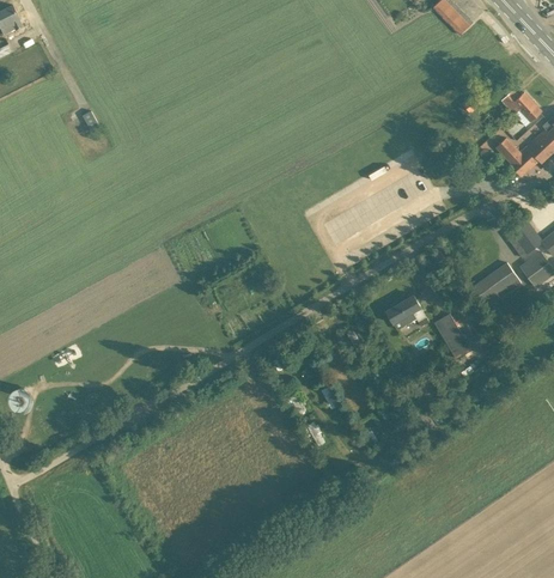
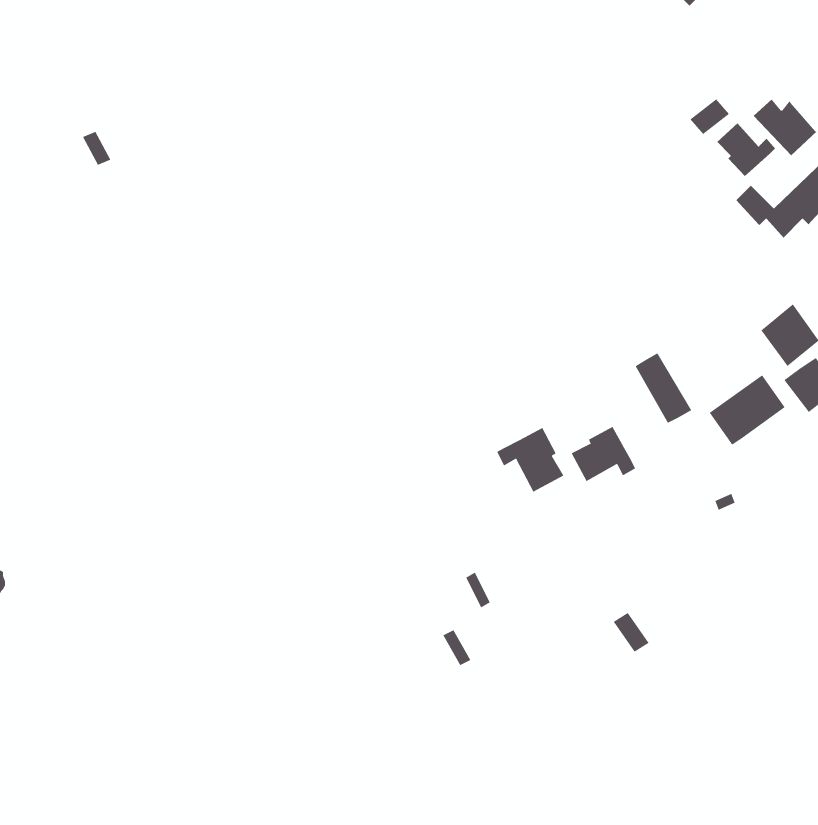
building: none -> [717,122,776,177]
building: none -> [496,427,564,493]
building: [434,314,470,358] -> [635,353,692,424]

